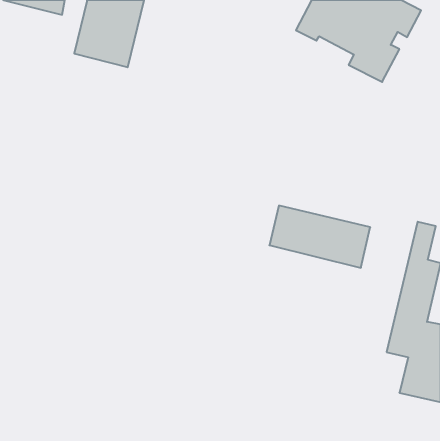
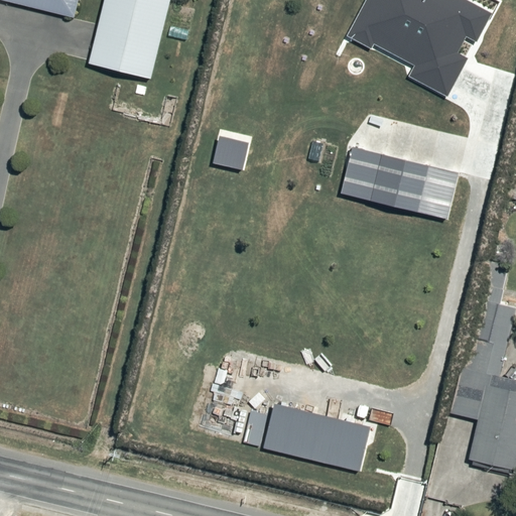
building: none -> [212,134,249,169]
building: [269,206,370,268] -> [341,146,459,219]
building: none -> [262,401,372,472]

